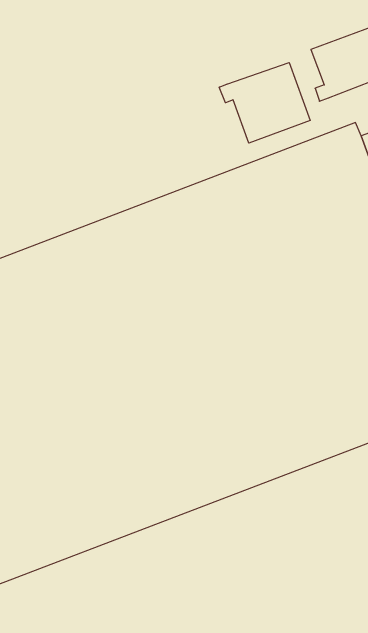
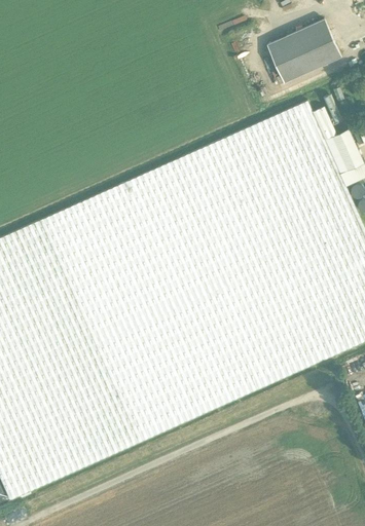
building: [219,63,310,143] -> none

